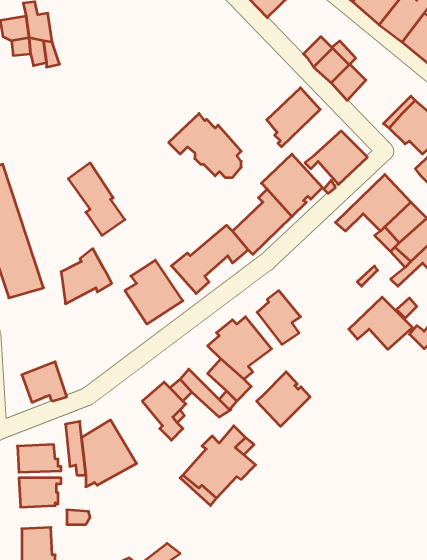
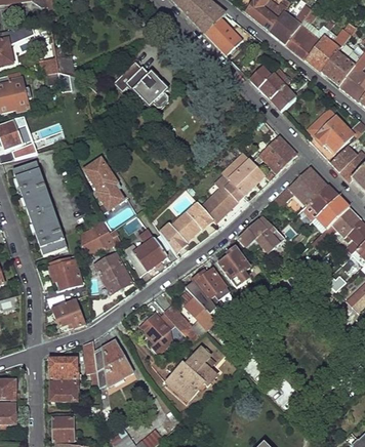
building: [267,88,320,147] -> none
building: [169,113,241,177] -> [116,62,167,107]
building: none -> [94,251,132,293]
building: [349,297,413,349] -> [238,215,283,252]
building: none -> [50,260,79,289]
building: [257,372,310,426] -> none

